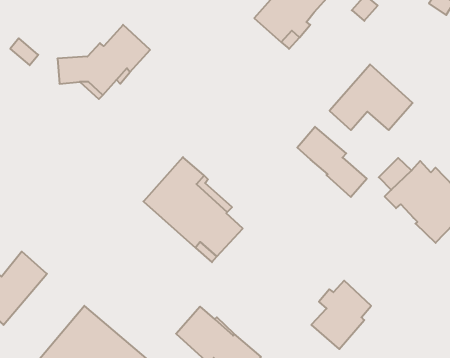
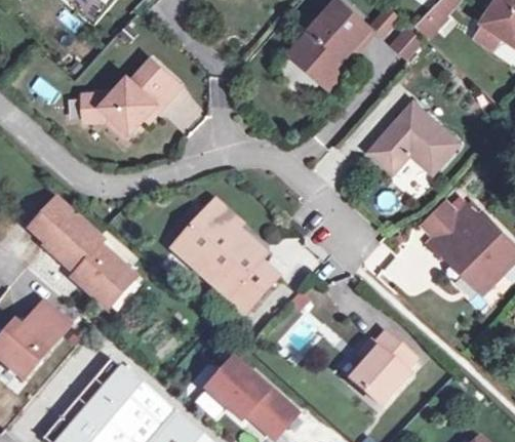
building: [297,127,367,197] -> none
building: none -> [31,200,134,308]

